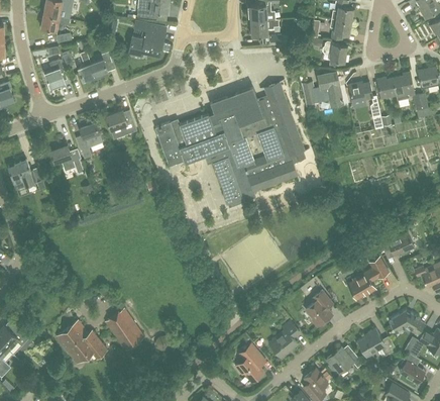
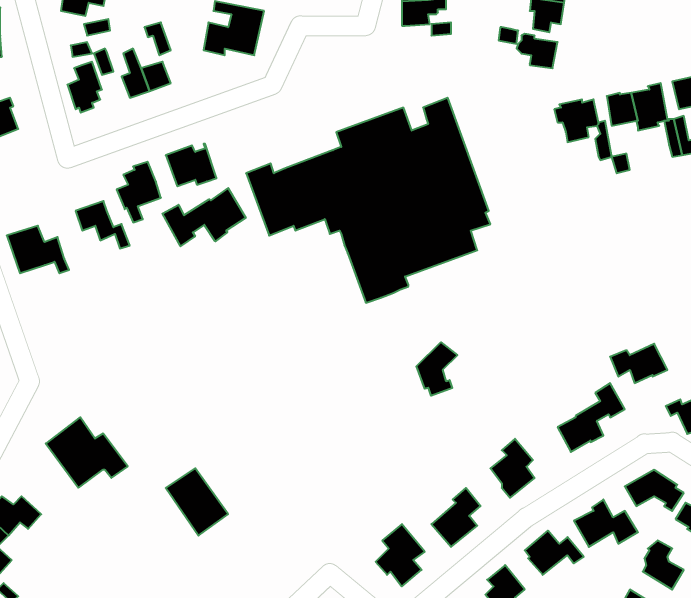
building: [303,73,342,107] -> none
building: none -> [162,188,246,246]
building: none -> [416,342,457,396]
building: [58,320,108,364] -> [46,417,128,488]

